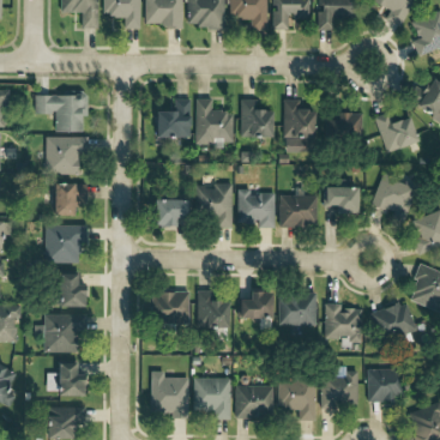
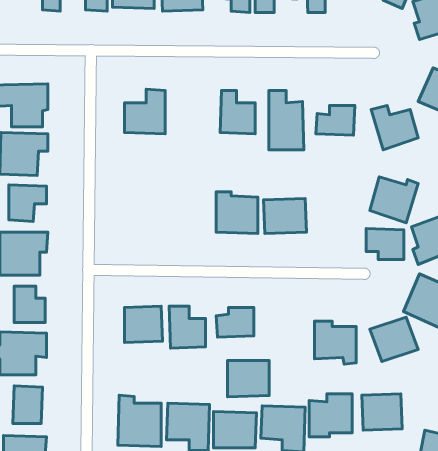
building: [195,98,235,145] -> none
building: [195,183,233,227] -> none
building: [324,186,357,213] -> [366,228,404,259]
building: [153,199,186,227] -> none
building: [279,294,317,326] -> [227,360,269,397]

